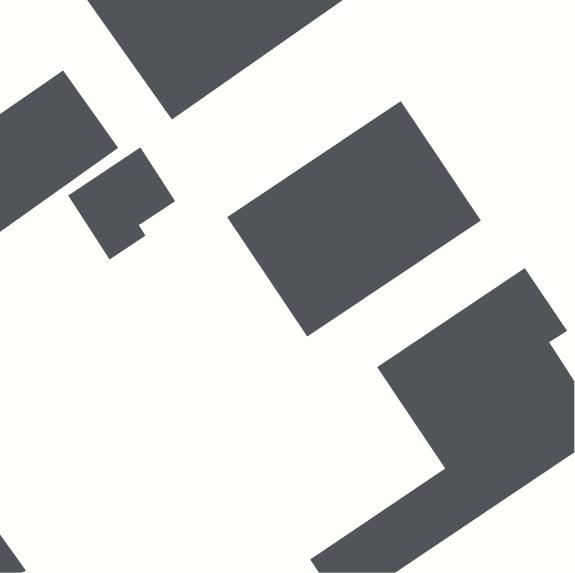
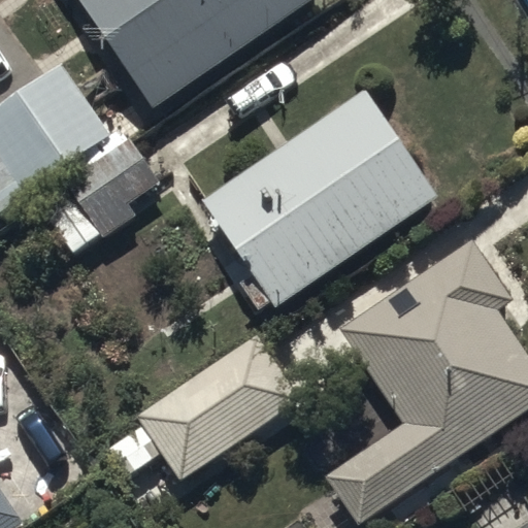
building: none -> [106,332,298,508]

